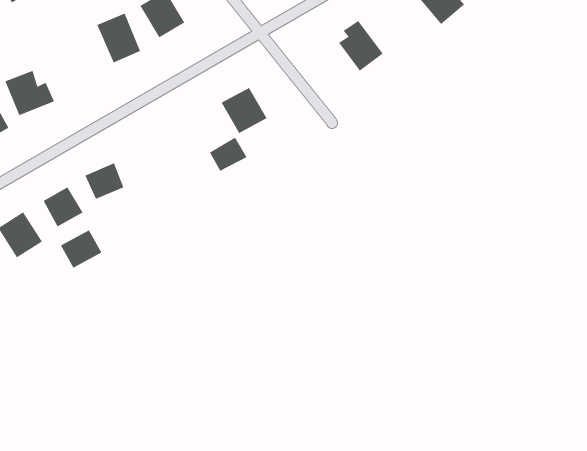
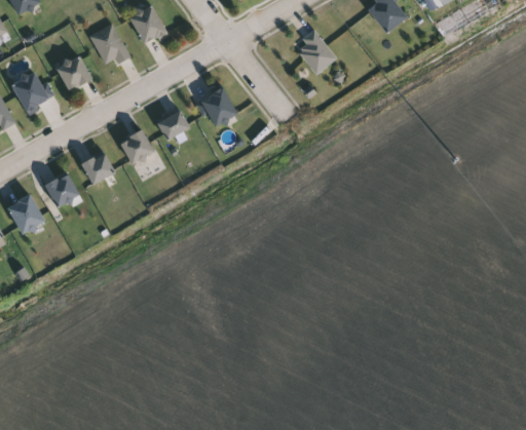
building: none -> [55,55,92,91]
building: [209,137,247,172] -> [157,110,190,140]
building: none -> [119,130,154,164]
building: [60,229,102,269] -> none

